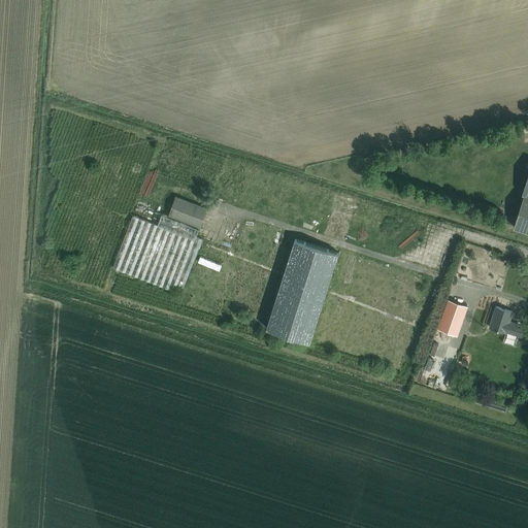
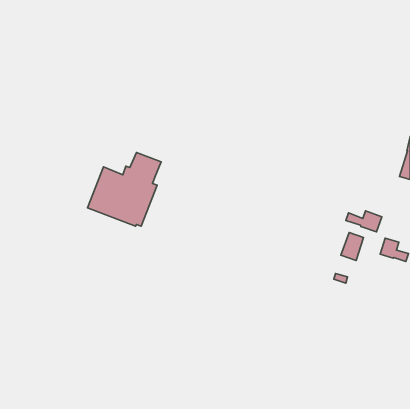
building: [266,240,338,343] -> none
building: none -> [346,211,382,232]

